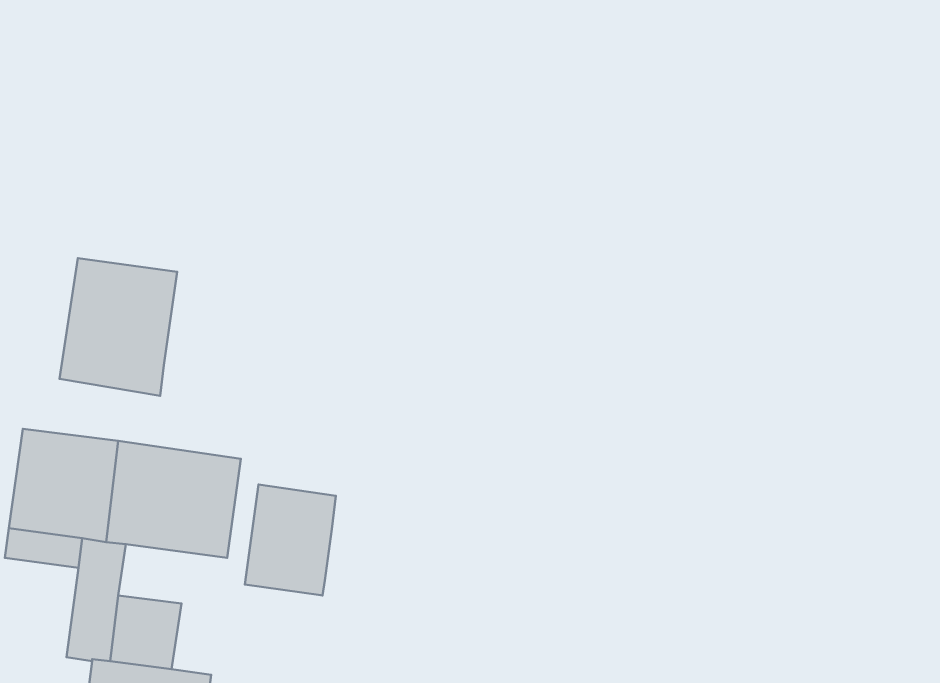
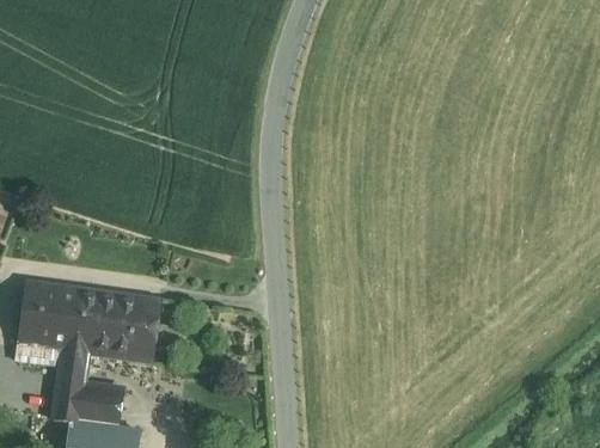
building: [60,258,177,396] -> none
building: [245,485,336,596] -> none

